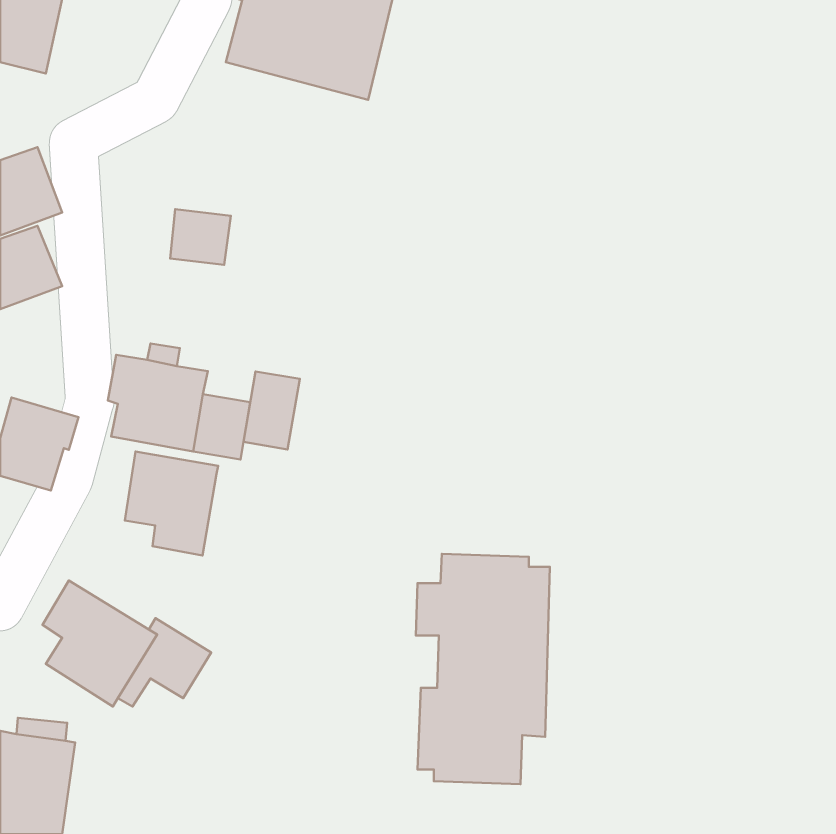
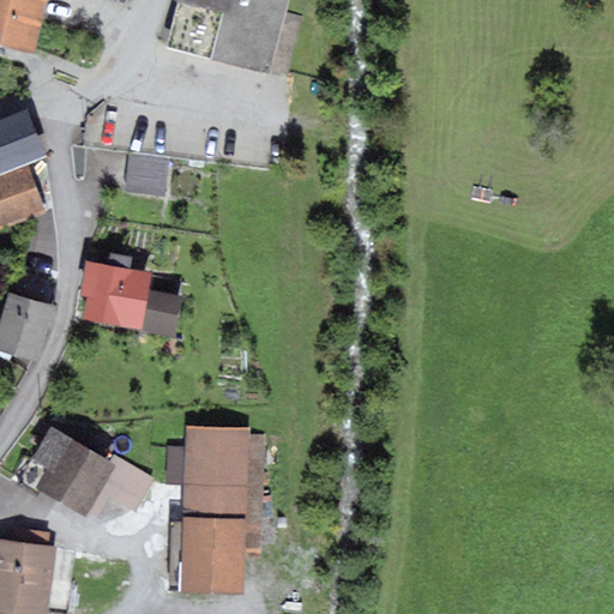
building: [243,371,300,450] -> none
building: [125,452,218,555] -> none
building: [416,554,550,784] -> [168,423,266,592]

